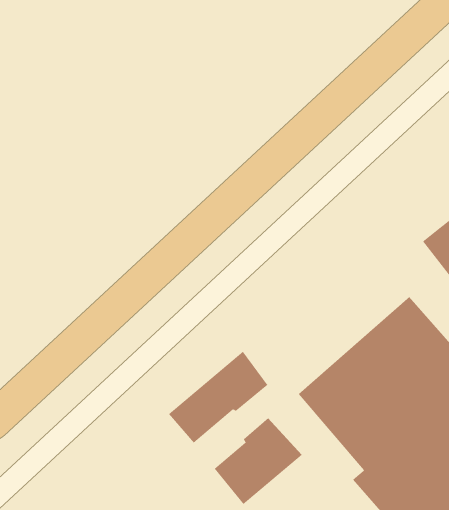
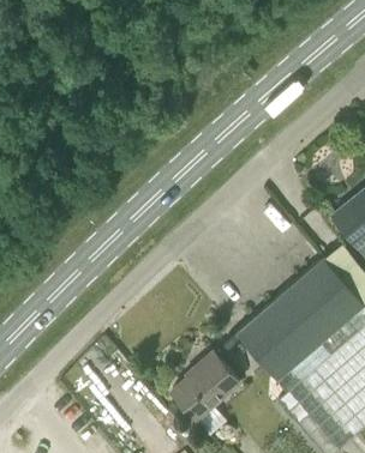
building: [168,351,268,443] -> none

